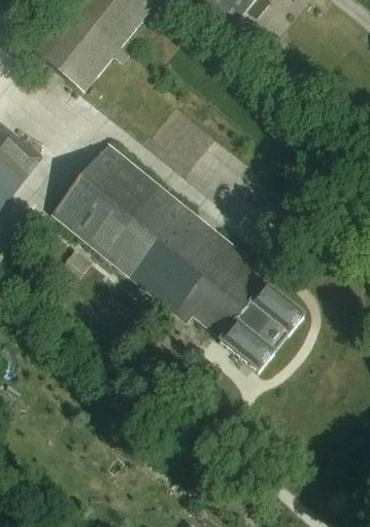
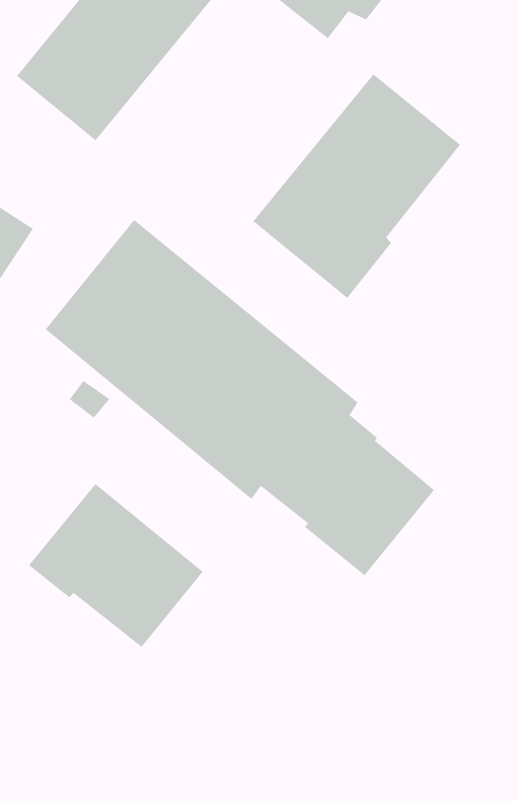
building: none -> [253,74,461,299]
building: none -> [28,483,203,648]

